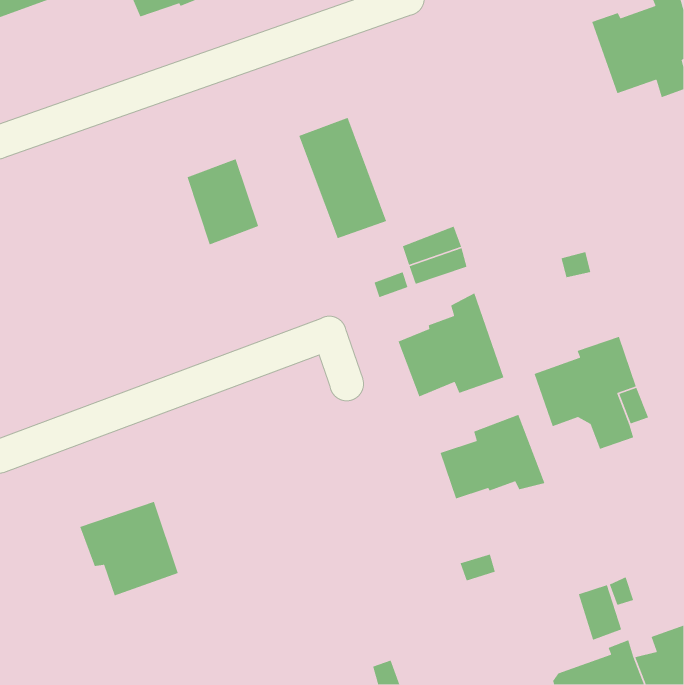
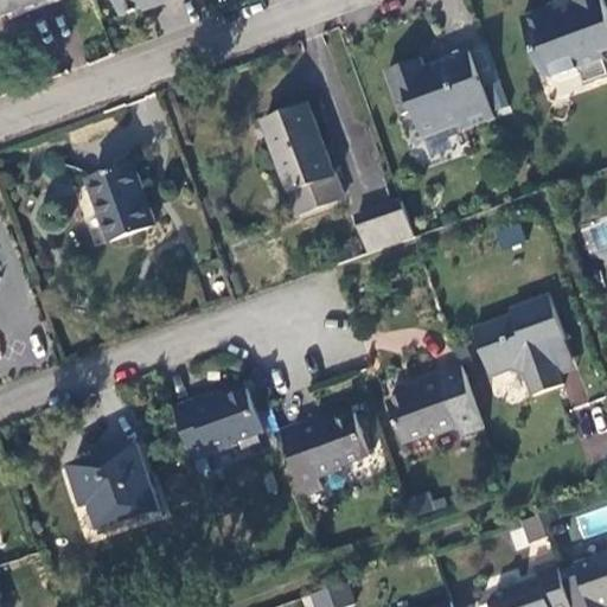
building: none -> [385,52,493,139]
building: [186,158,259,245] -> [85,161,149,238]
building: [397,292,505,397] -> none
building: none -> [172,389,261,460]
building: none -> [279,408,366,493]

